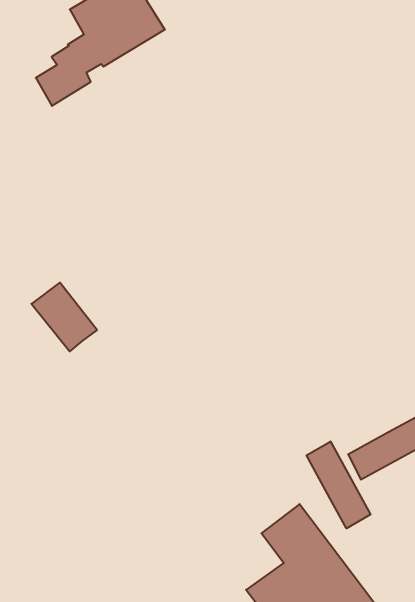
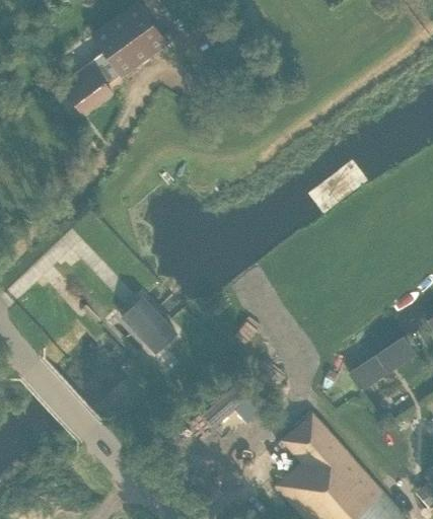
building: [31,283,97,351] -> [122,299,176,354]
building: [307,441,370,528] -> none

